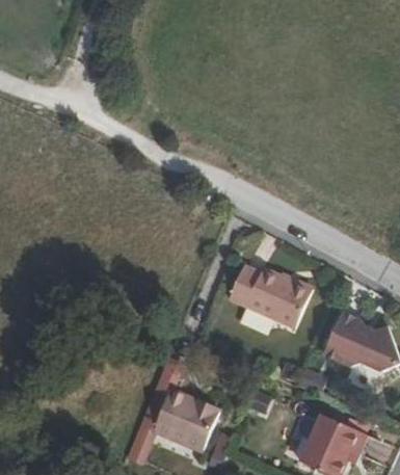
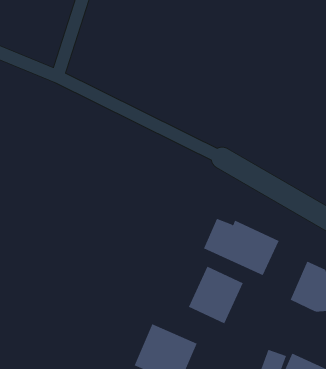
building: none -> [188,266,244,324]

